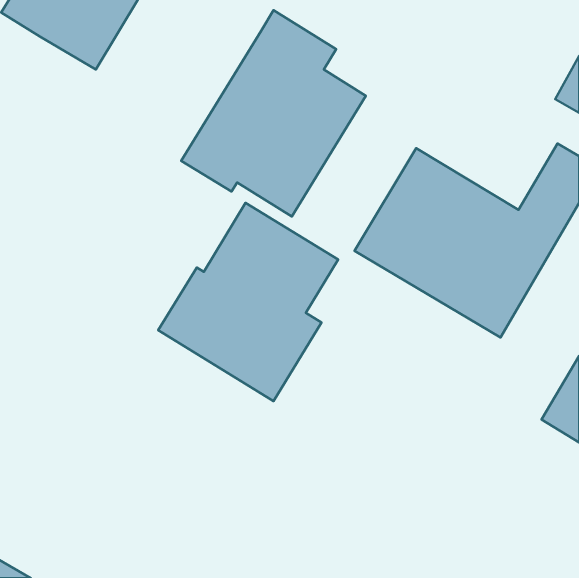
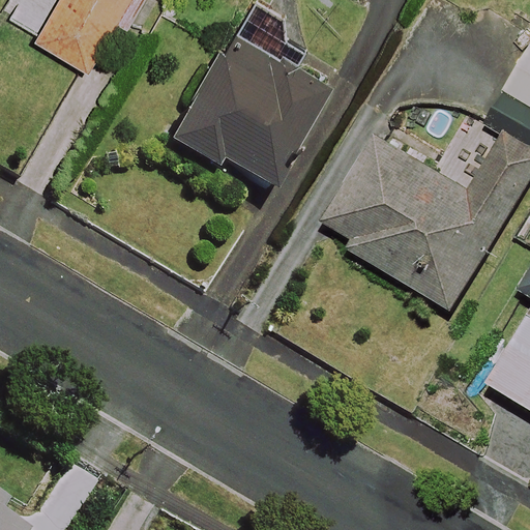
building: [158,203,338,401] -> none

